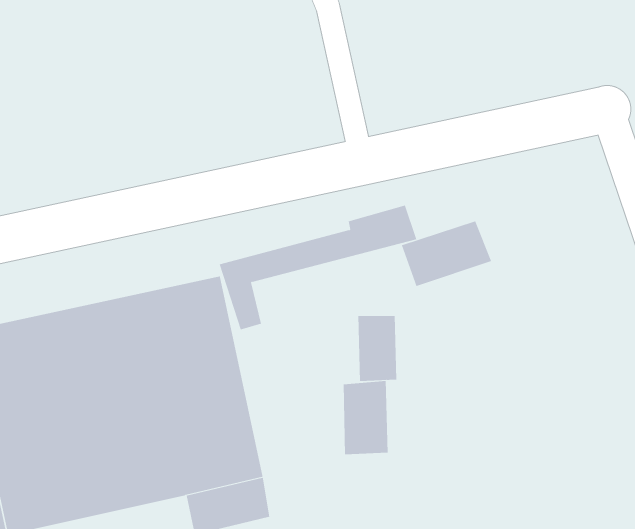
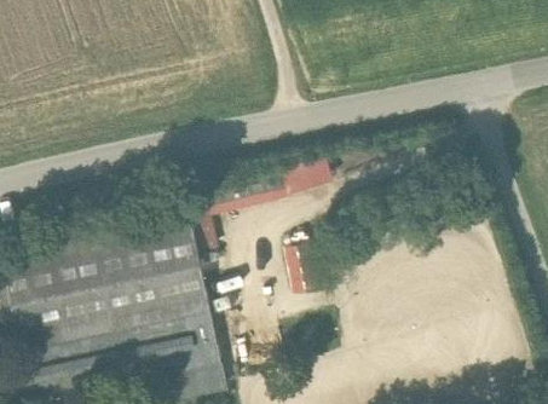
building: [401,220,492,287] -> none
building: [343,380,388,455] -> none

